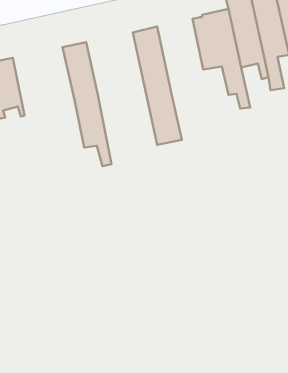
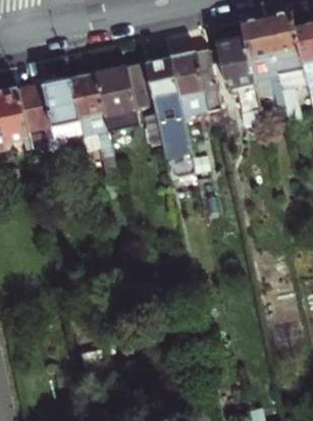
building: none -> [169,45,219,120]
building: none -> [95,60,146,124]
building: none -> [18,74,83,136]

